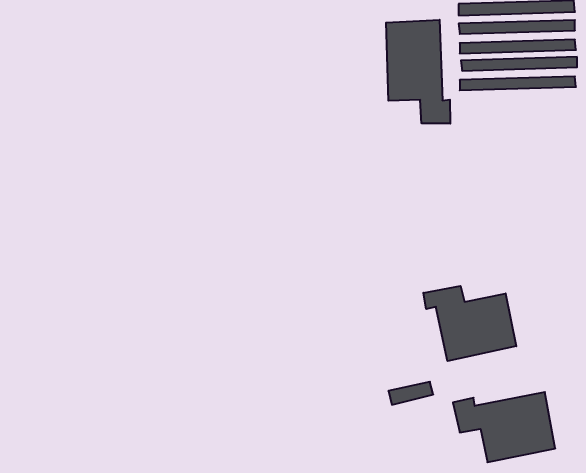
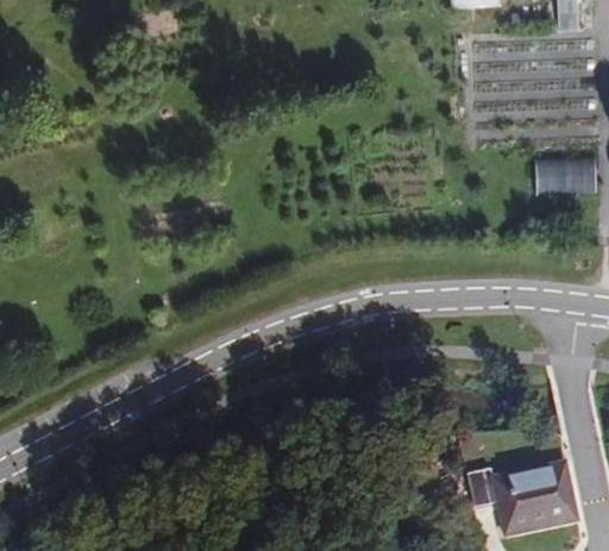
building: [386,20,450,124] -> none
building: none -> [536,155,594,193]
building: [423,286,516,361] -> none

